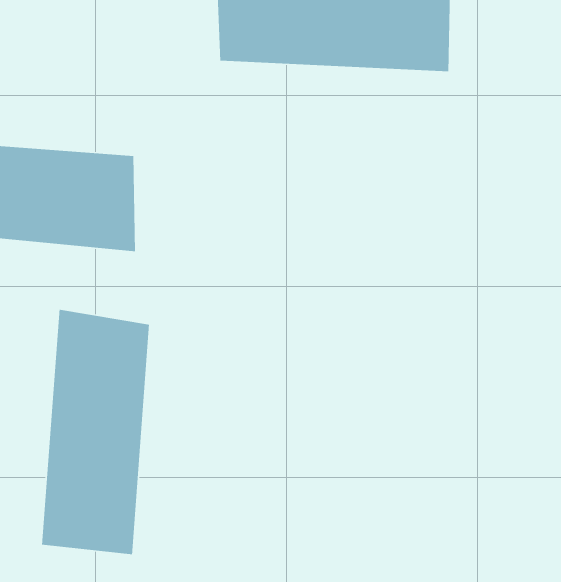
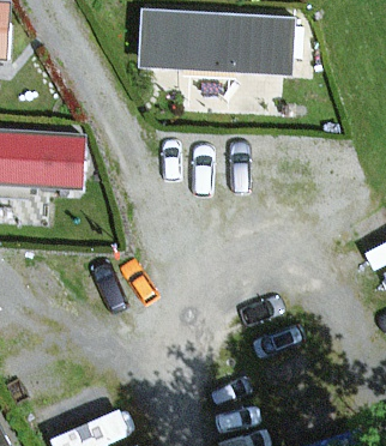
building: [41,309,150,555] -> none

